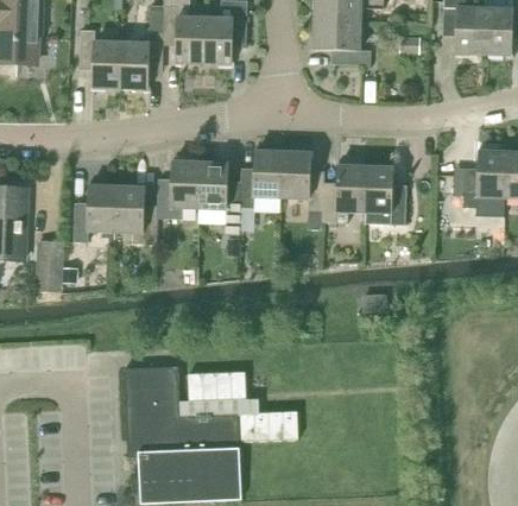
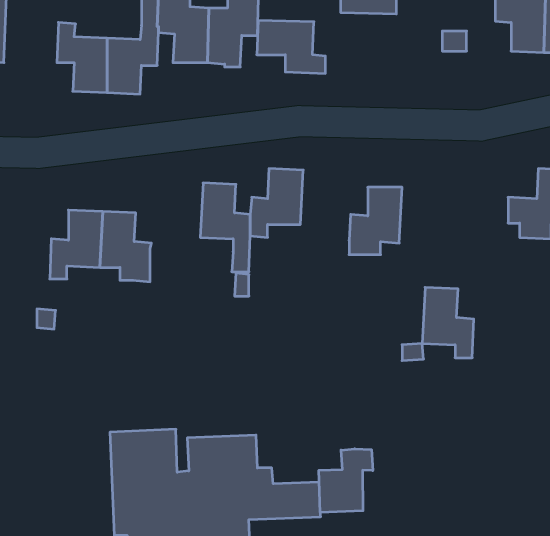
building: [312,21,369,65] -> [257,20,325,73]
building: [280,152,323,210] -> none
building: [156,162,200,219] -> none
building: [362,166,405,224] -> [422,287,474,358]
building: [38,243,59,290] -> none
building: none -> [319,449,373,512]

